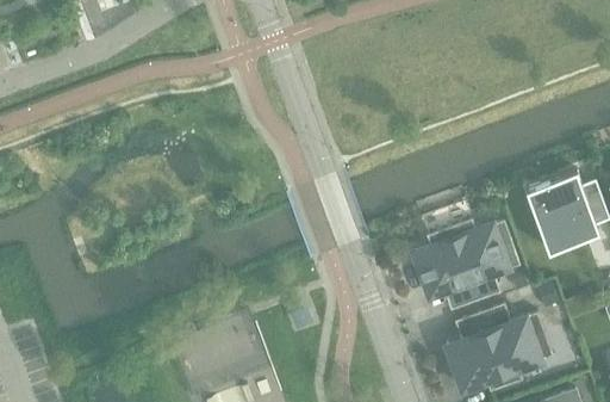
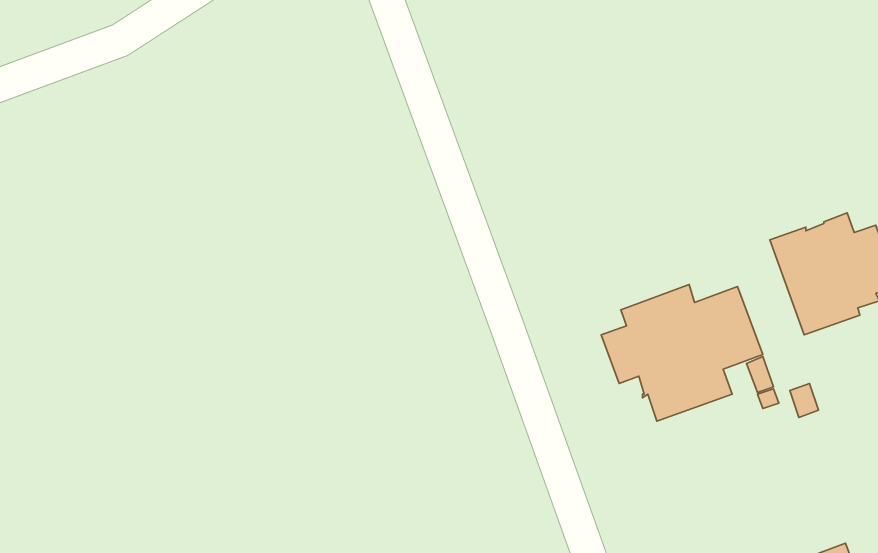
building: [449,304,544,392] -> none

